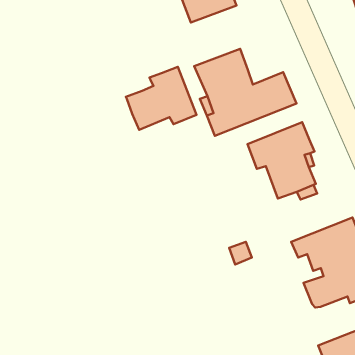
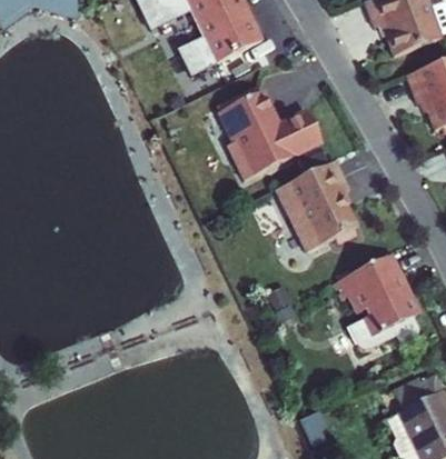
building: [126,67,197,130] -> none

